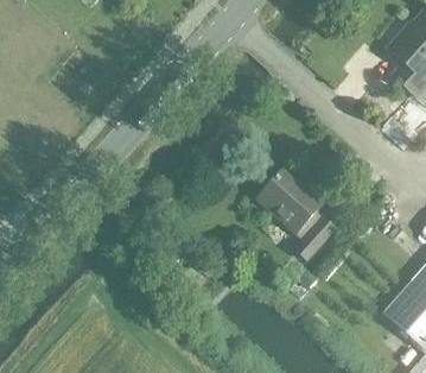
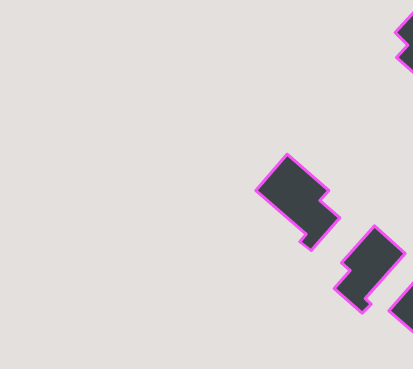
building: none -> [334,226,405,313]

